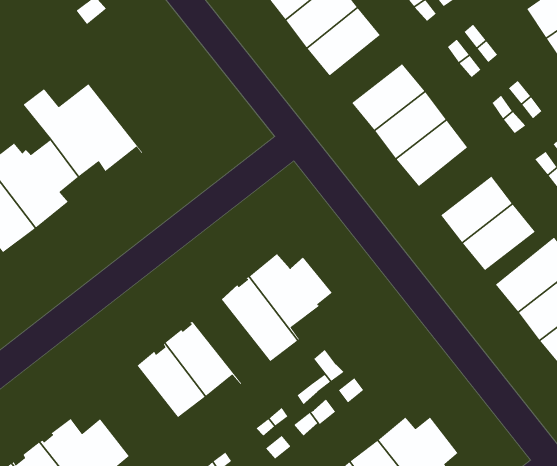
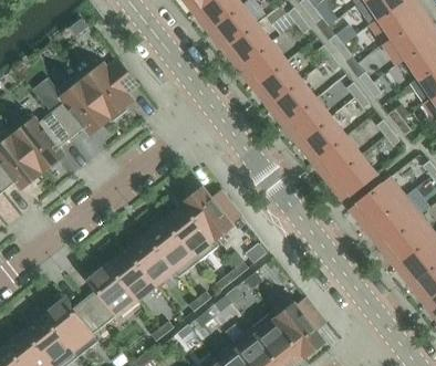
building: none -> [238,42,287,87]
building: none -> [76,59,137,121]
building: none -> [298,117,346,163]
building: none -> [146,219,198,275]
building: none -> [84,263,136,324]

